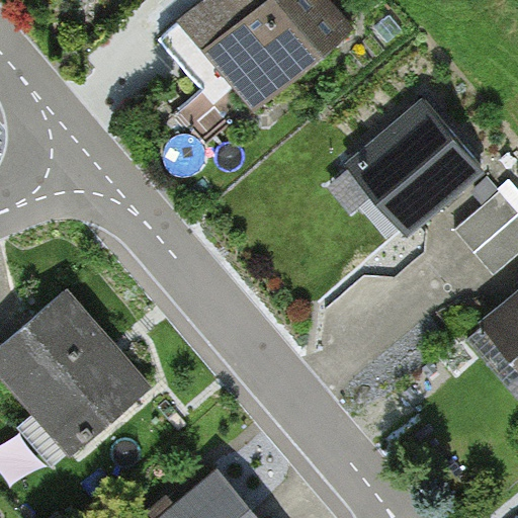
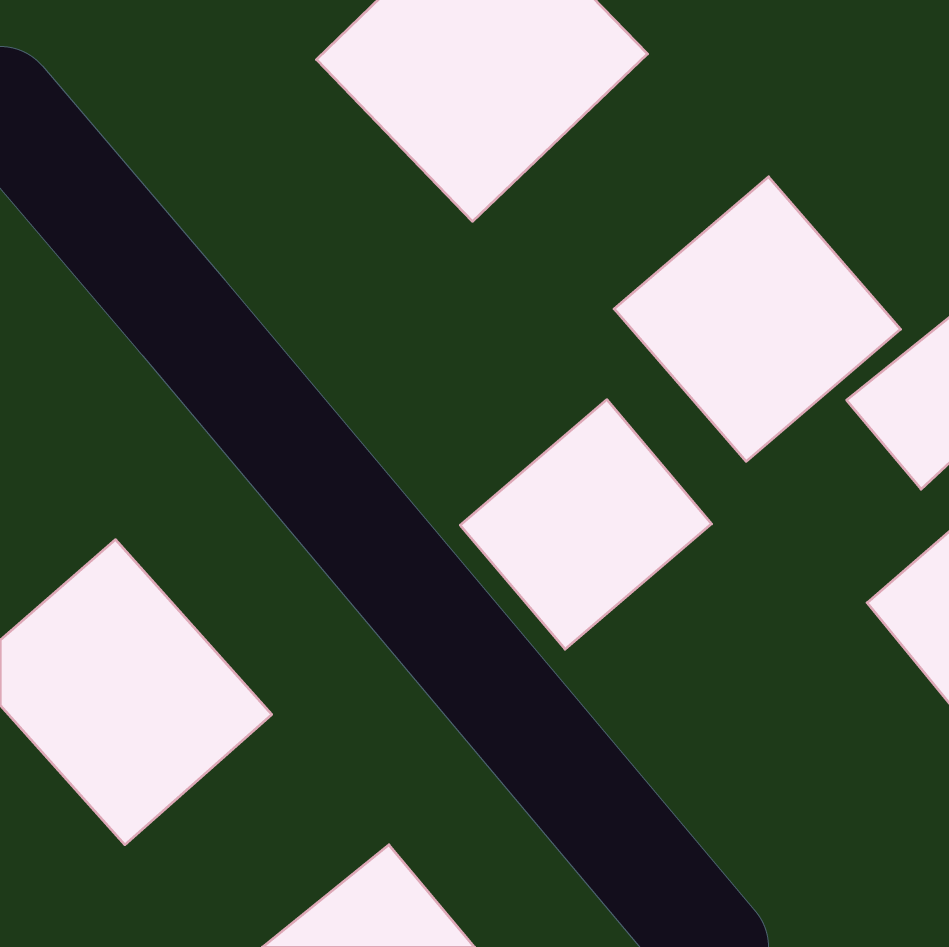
building: none -> [460,400,712,649]

